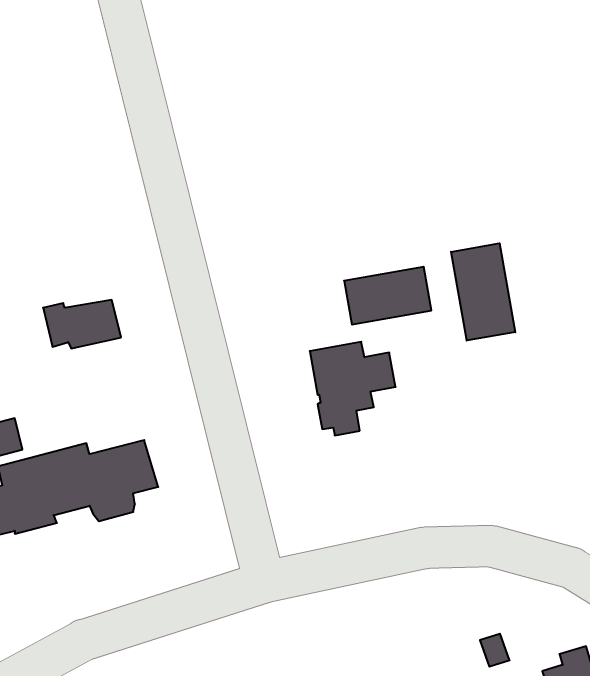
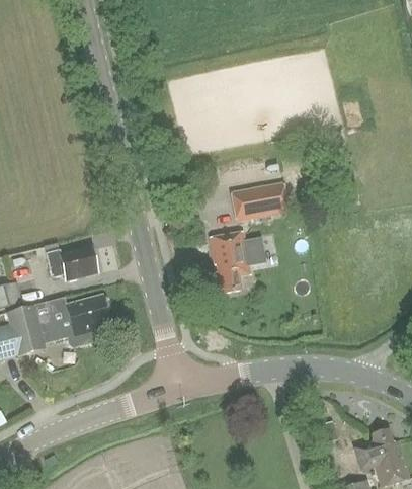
building: [451,243,515,341] -> none
building: [43,300,121,348] -> [46,247,96,278]

